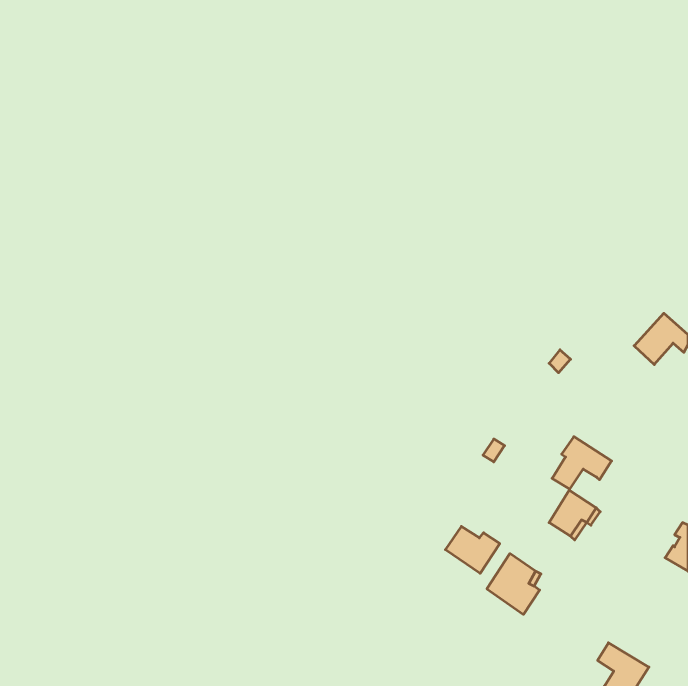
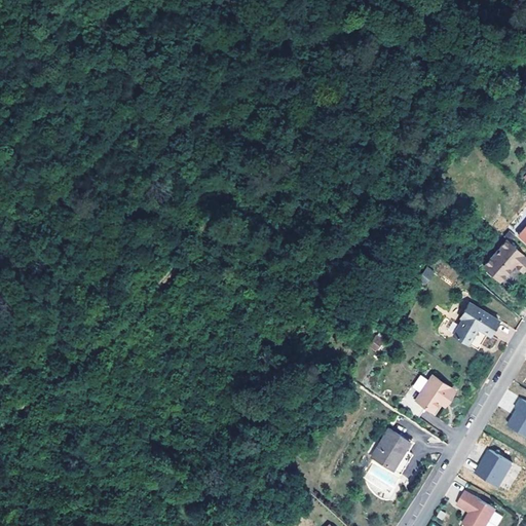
building: [552,437,612,489] -> [455,303,500,343]
building: [445,526,500,573] -> none
building: none -> [473,452,511,489]

